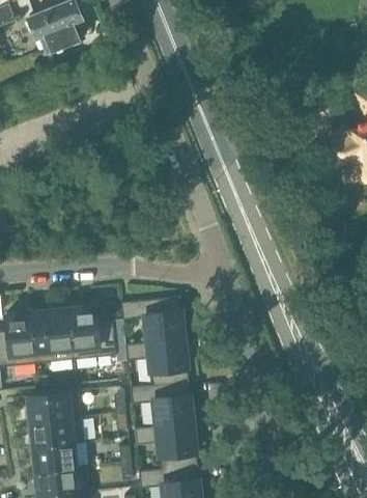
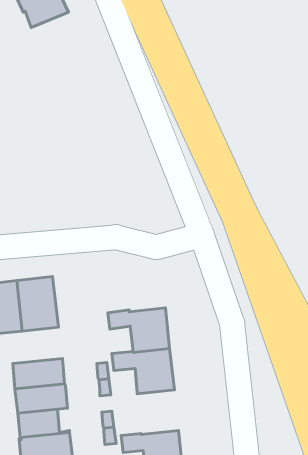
building: [121,297,185,344] -> none
building: [68,306,116,360] -> none
building: [135,424,198,470] -> none

